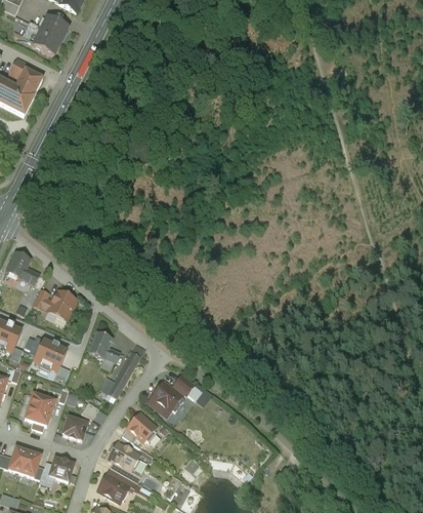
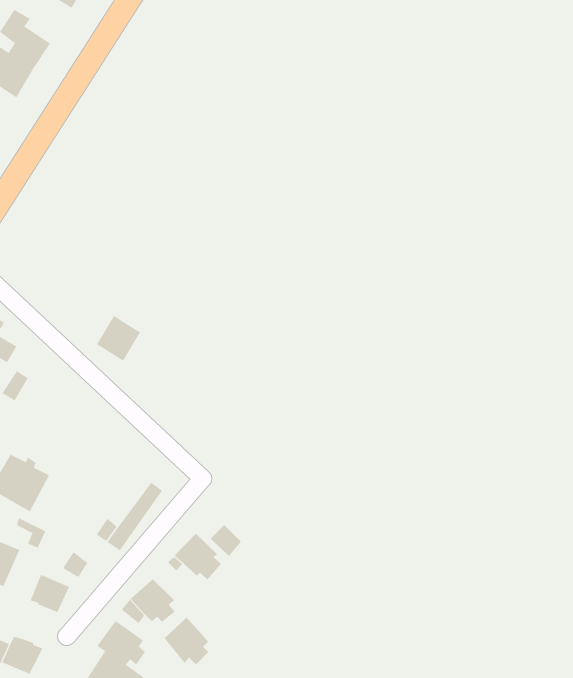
building: [48,290,76,319] -> [96,315,141,361]
building: [87,331,120,361] -> none
building: none -> [164,617,209,665]

